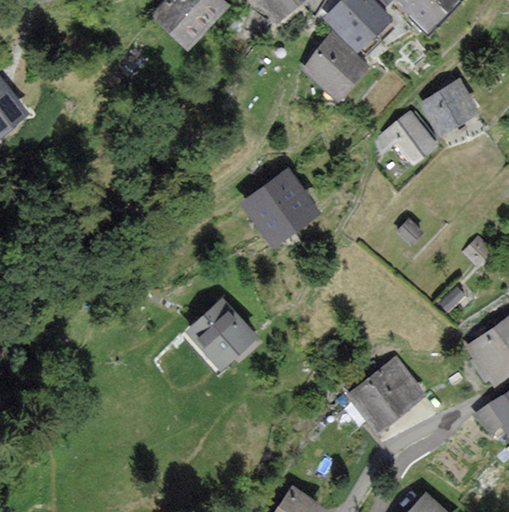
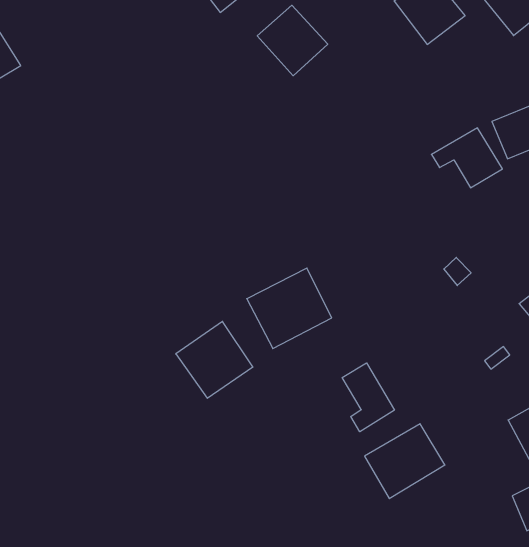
building: [306,39,365,97] -> [257,5,328,76]
building: [243,174,315,244] -> [247,268,332,349]
building: none -> [342,363,394,432]

